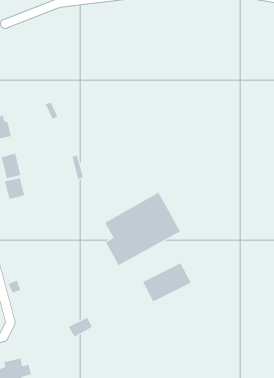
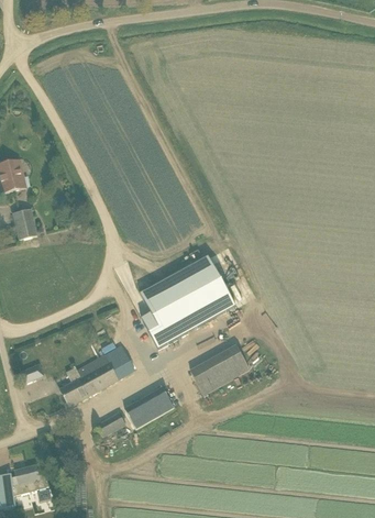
building: [4,177,25,199] -> none
building: none -> [60,349,135,405]
building: none -> [125,386,175,428]

